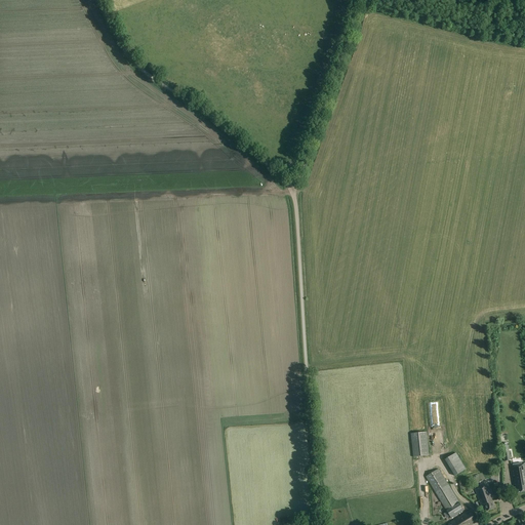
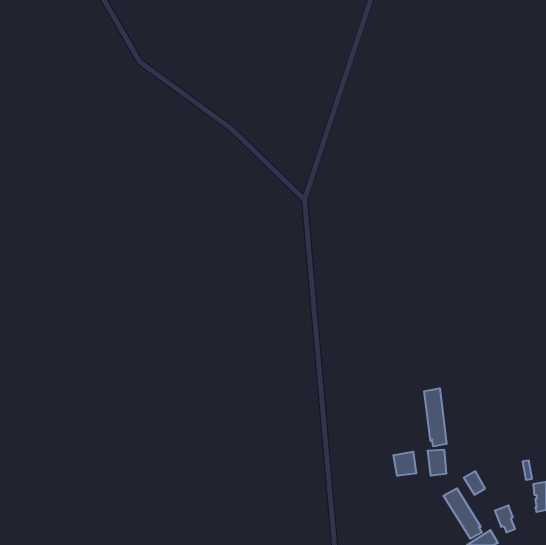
building: none -> [424,388,447,446]
building: none -> [393,452,416,476]

